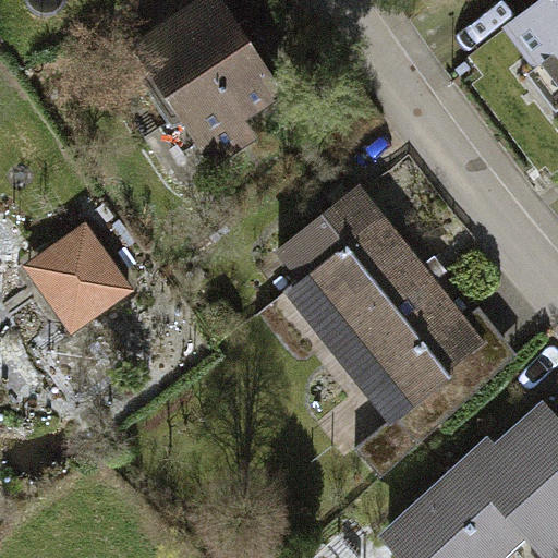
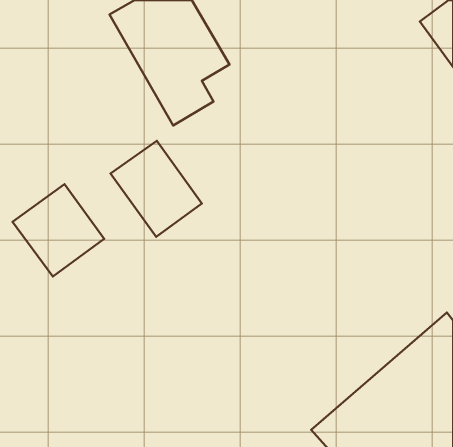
building: [278,183,489,412] -> none
building: none -> [110,141,202,237]

